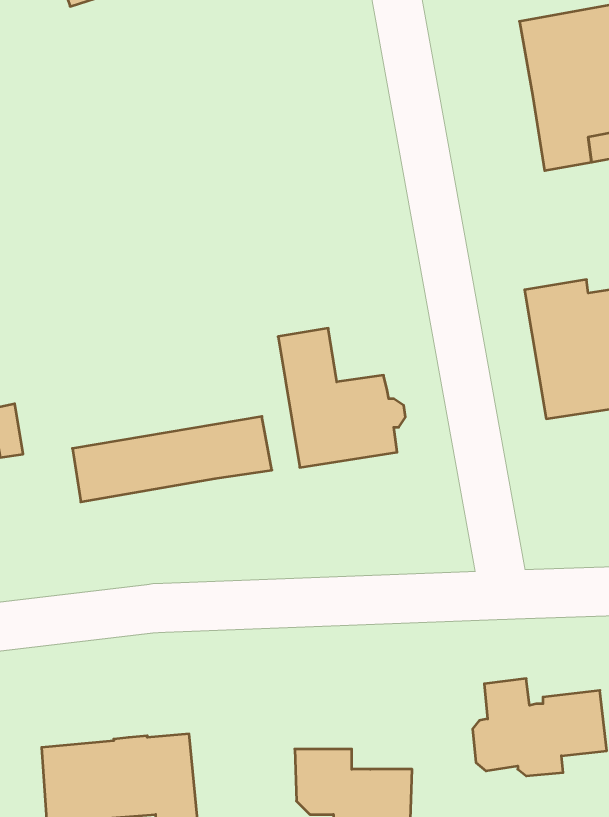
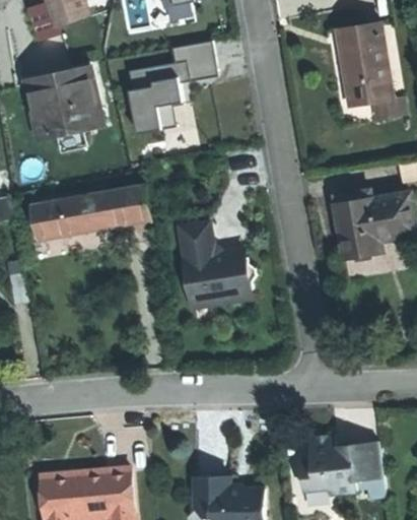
building: none -> [124,38,218,131]
building: none -> [24,60,100,151]
building: [72,416,272,502] -> [30,186,151,238]

